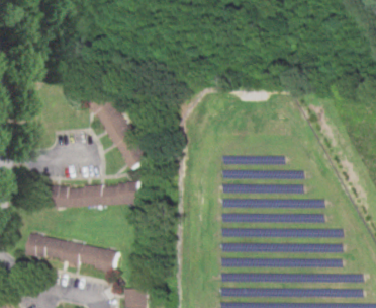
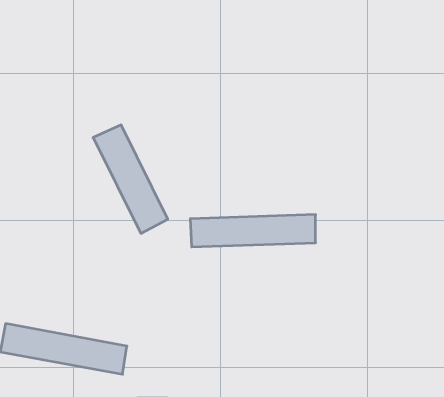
building: [46,183,136,207] -> [190,215,316,247]

